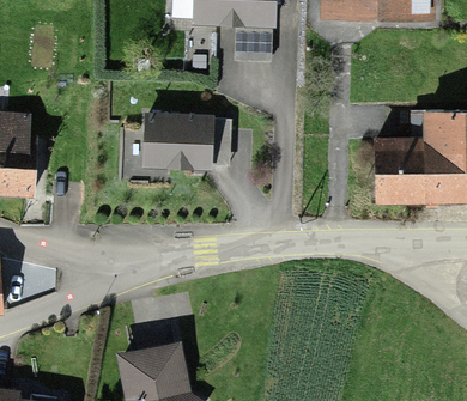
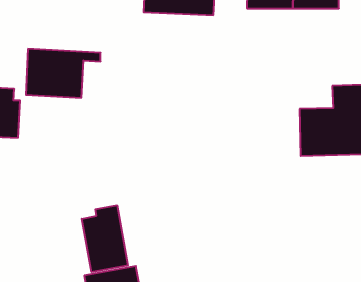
building: [141,110,235,171] -> [26,49,101,98]
building: none -> [82,205,128,272]

